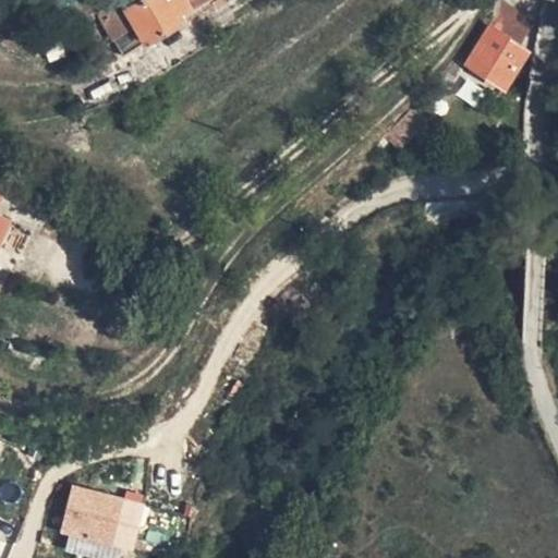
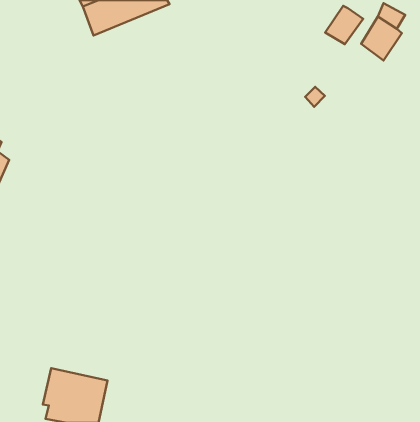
building: none -> [325,6,363,44]

